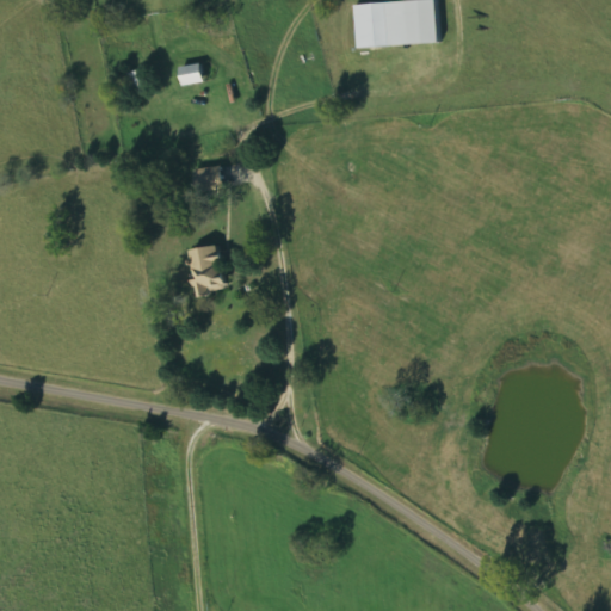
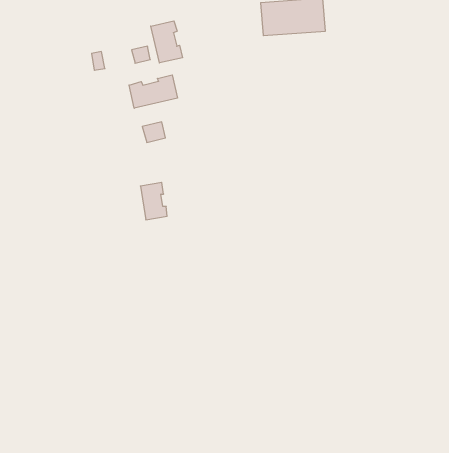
building: none -> [151,21,182,63]
building: none -> [129,75,177,108]

